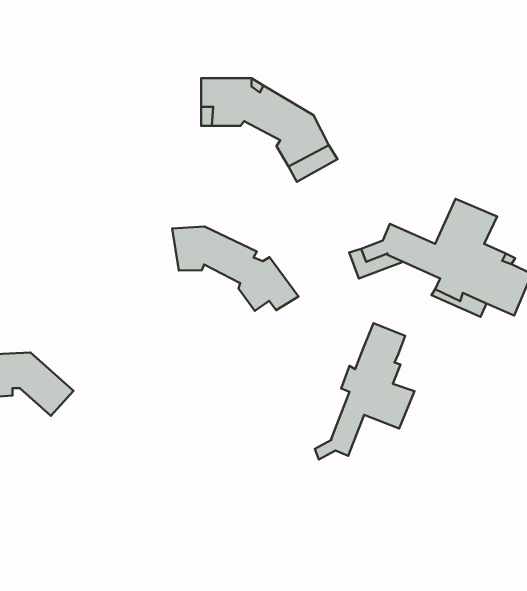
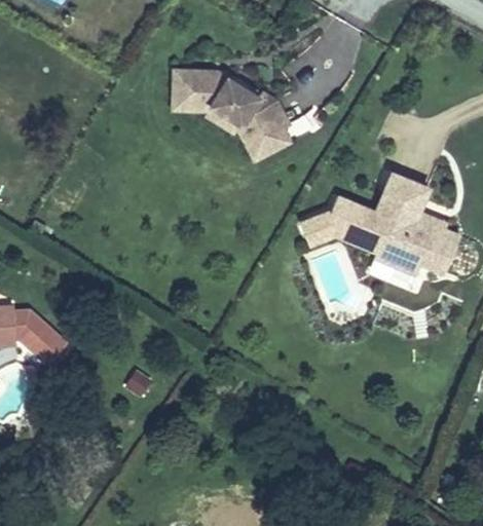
building: [172,226,299,311] -> none
building: [315,323,414,459] -> none

